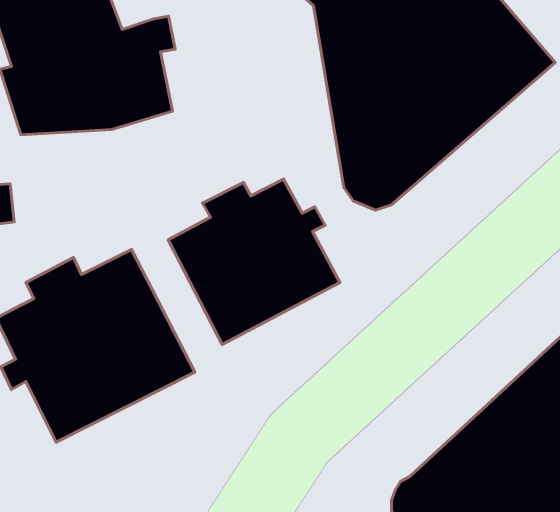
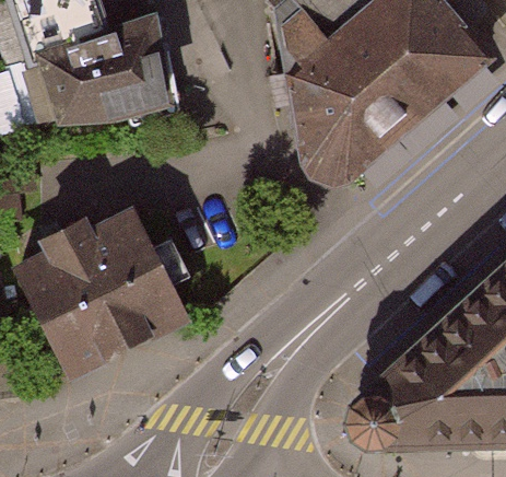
building: [168,179,340,345] -> none

